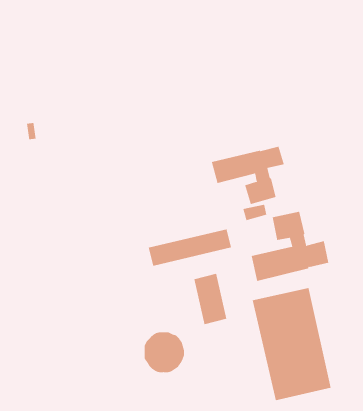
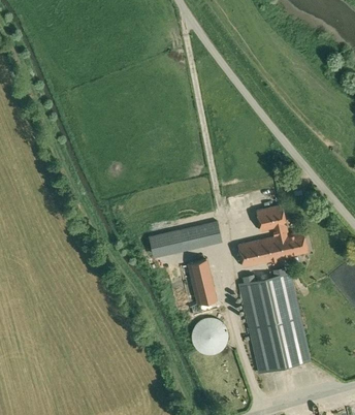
building: [211,146,284,205] -> none
building: [144,332,185,373] -> [192,319,228,355]

